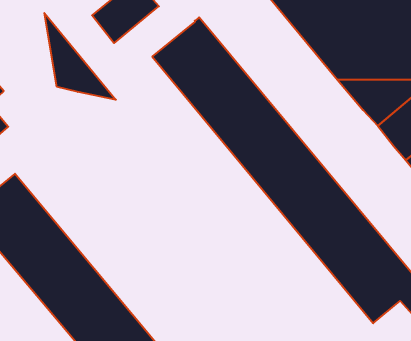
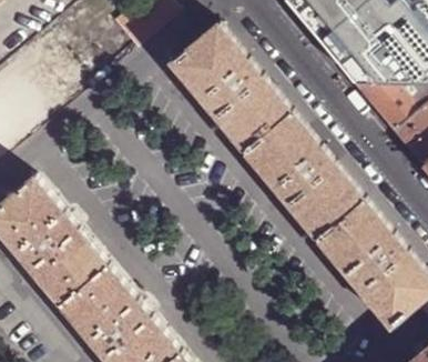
building: [44,13,116,100] -> none

